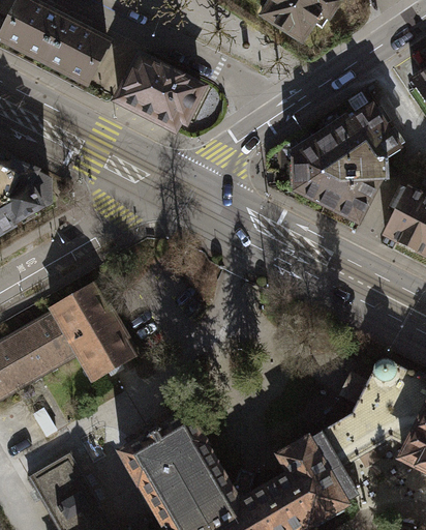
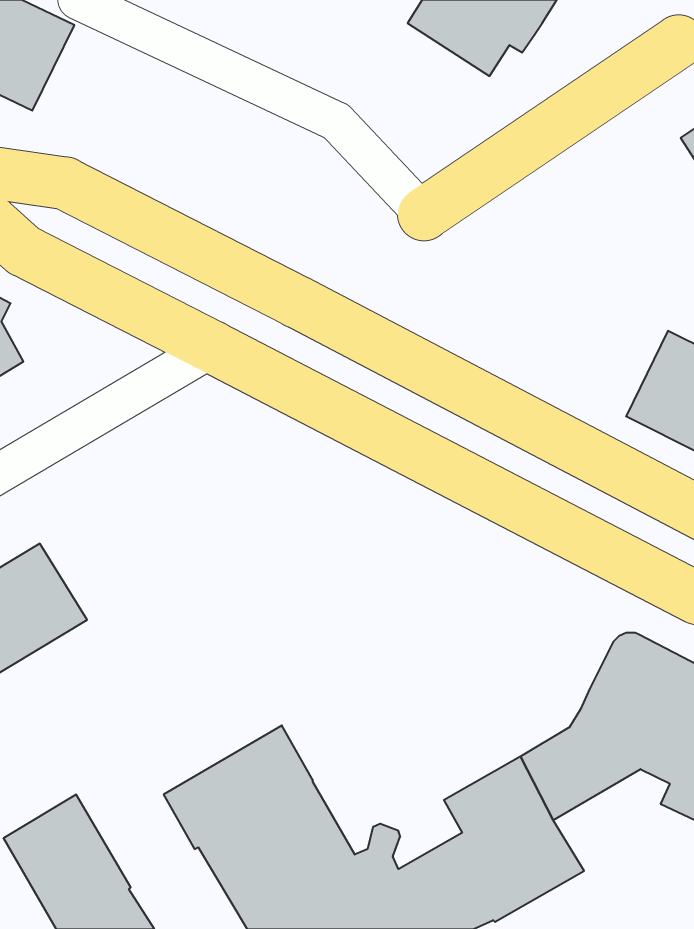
building: [45,14,115,86] -> none
building: [118,58,201,128] -> none
building: [294,107,399,223] -> none
building: [50,282,139,380] -> none

